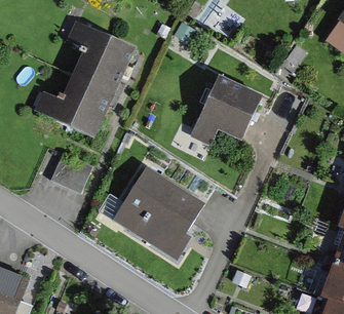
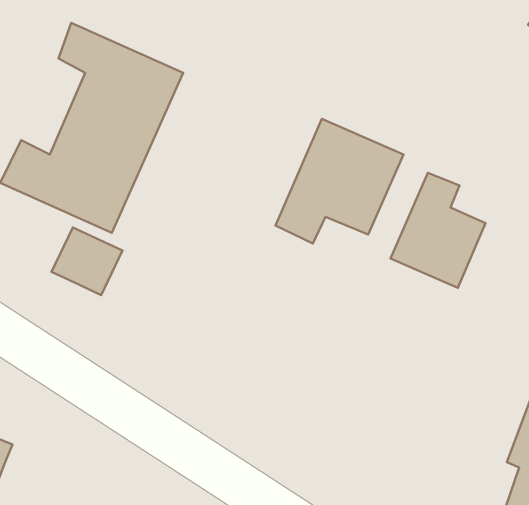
building: none -> [390,173,485,288]
building: [112,168,212,265] -> none

